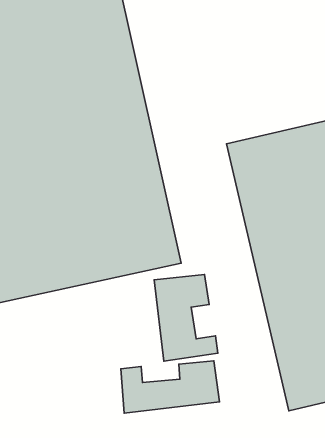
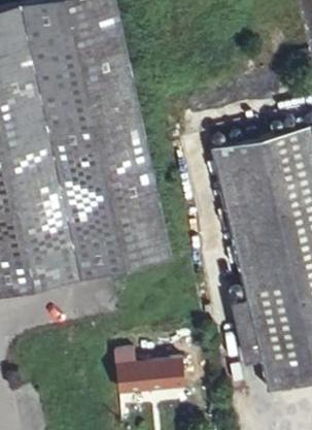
building: [154,275,218,361] -> none

